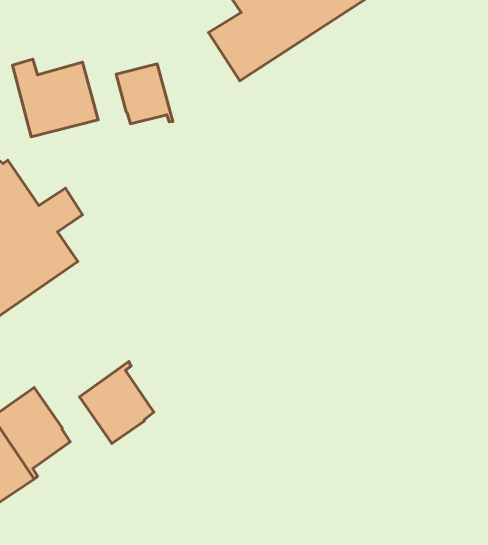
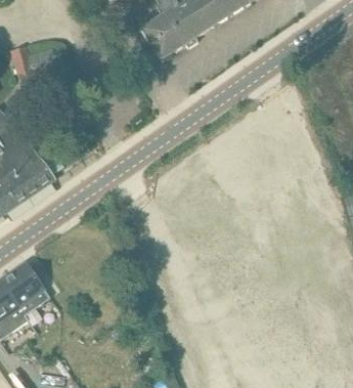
building: [116,64,173,124] -> none
building: [80,362,154,444] -> none

